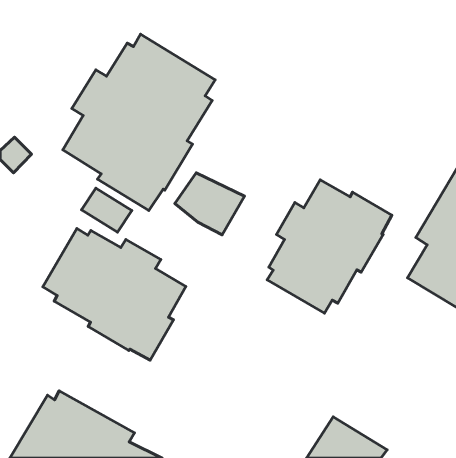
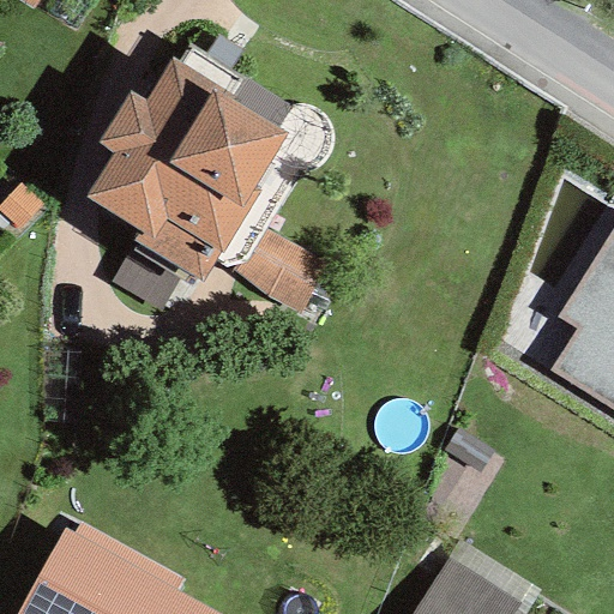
building: [267,180,392,313] -> none
building: [43,228,186,360] -> none

